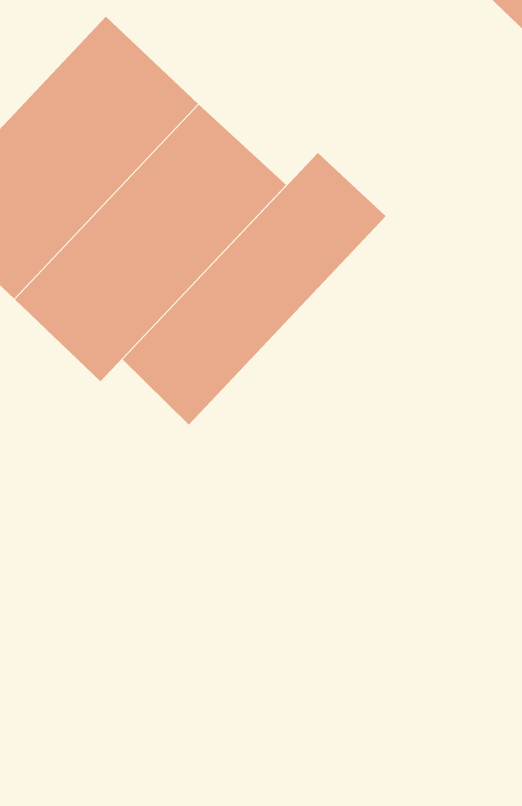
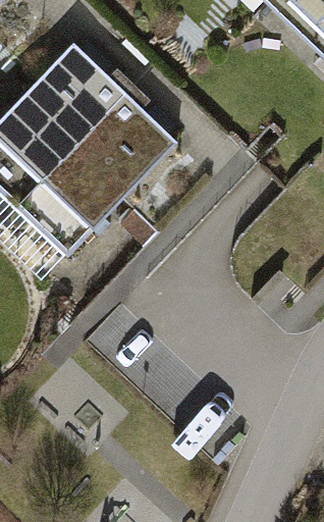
building: [122,152,387,426] -> none

